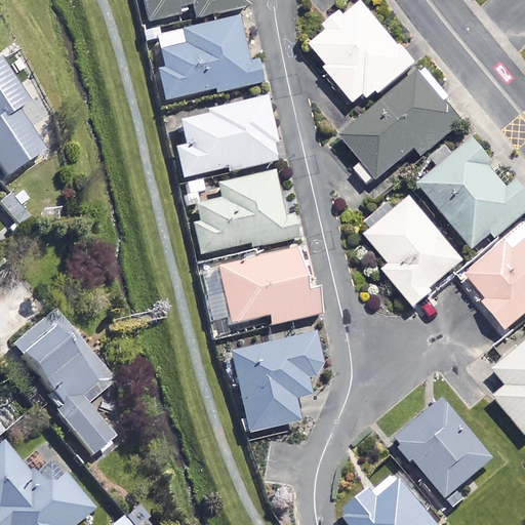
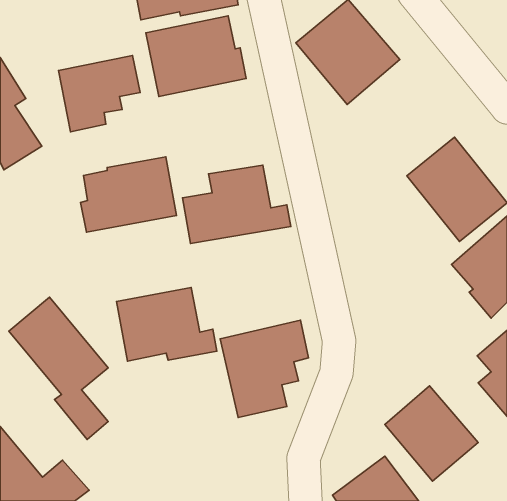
building: none -> [58,55,140,132]
building: [341,69,462,177] -> none
building: [176,97,276,175] -> [80,157,177,232]
building: [365,196,462,301] -> none
building: [215,247,319,323] -> [117,288,217,361]

